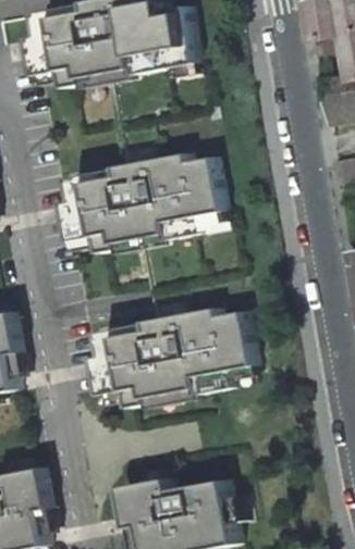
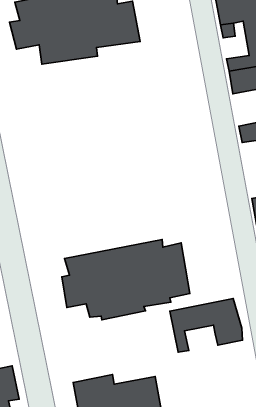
building: [76,151,236,252] -> none
building: none -> [170,299,243,352]

